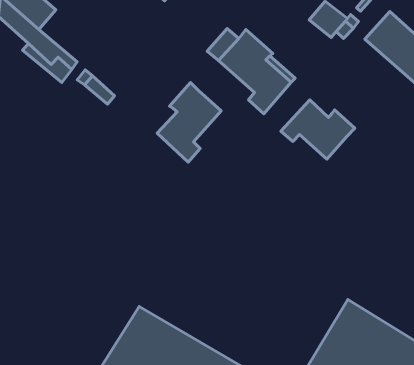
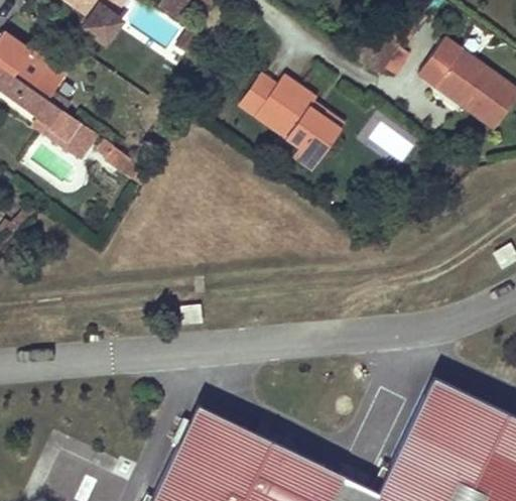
building: [157,83,221,162] -> none
building: [281,100,355,159] -> none

